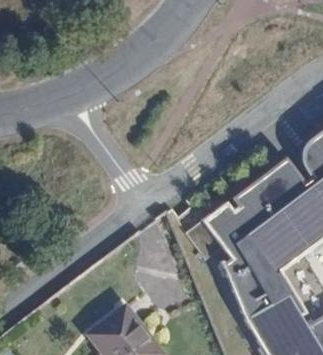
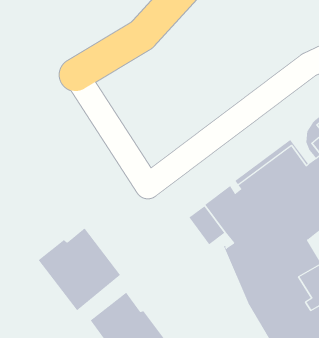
building: none -> [38,228,121,311]

